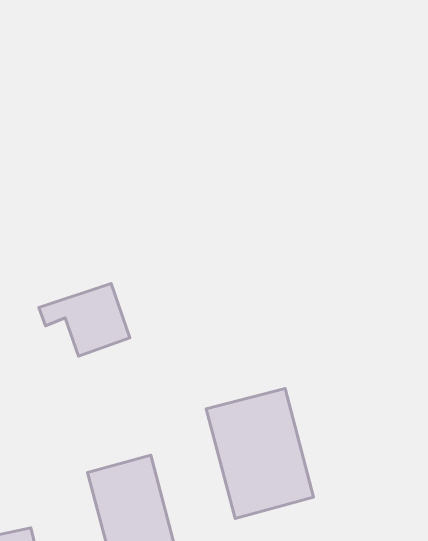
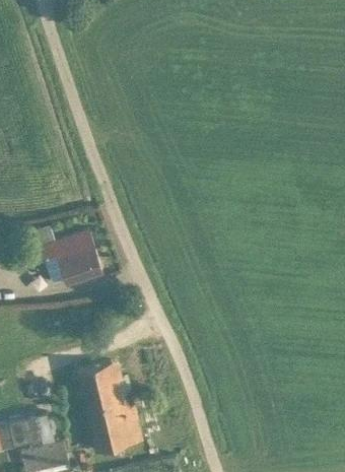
building: [206,389,313,519] -> none

